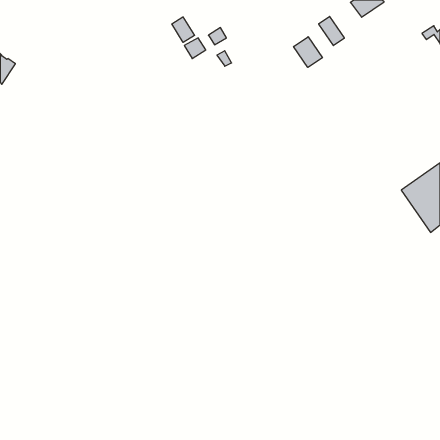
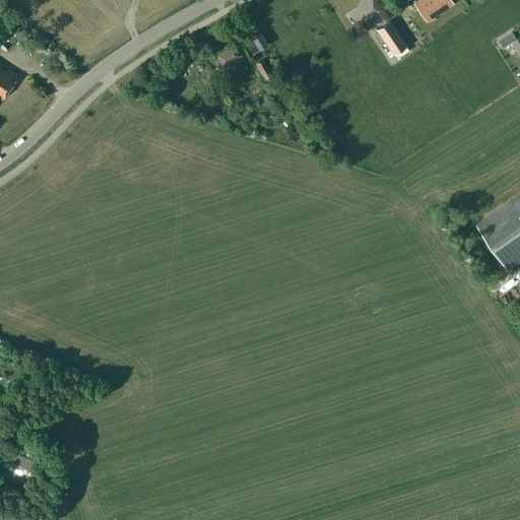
building: [172,17,195,42] -> none
building: [294,37,322,67] -> none

